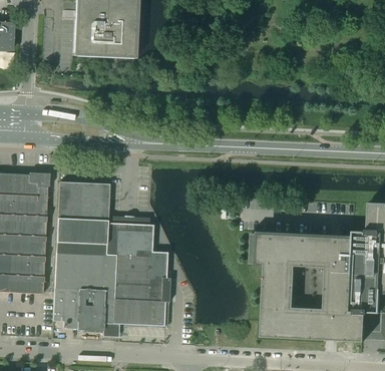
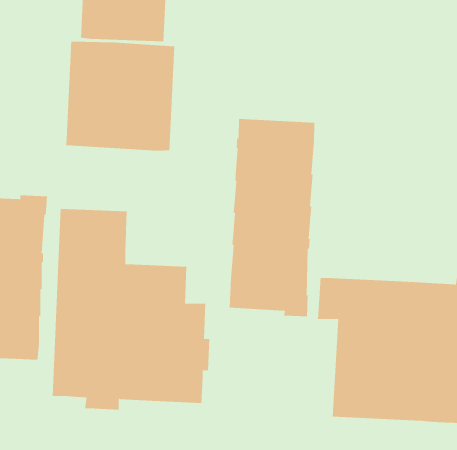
building: none -> [66,41,175,152]
building: none -> [229,118,315,317]

